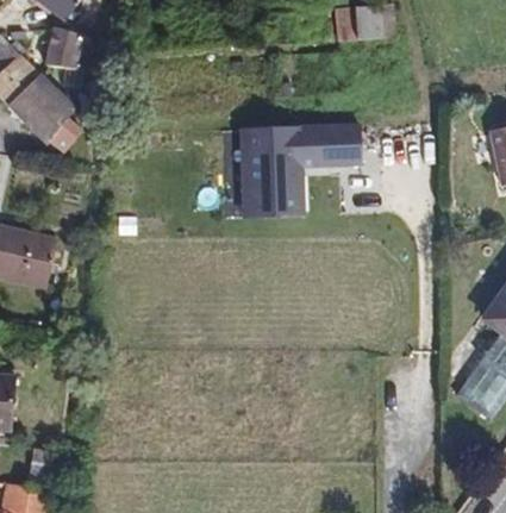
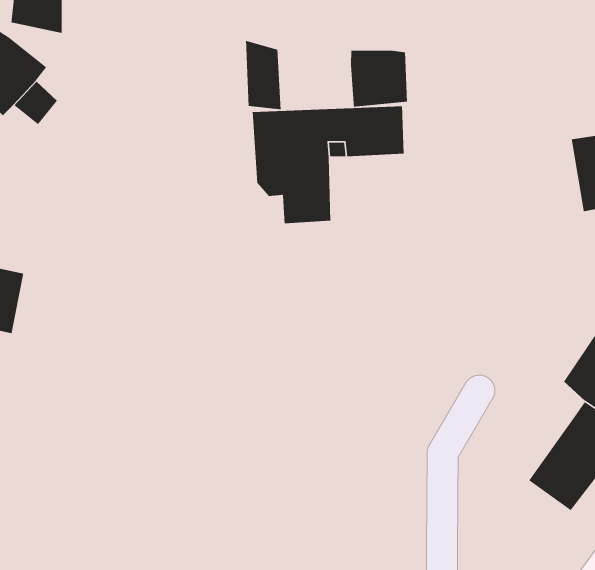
building: none -> [245,40,282,110]
building: none -> [350,50,408,107]

